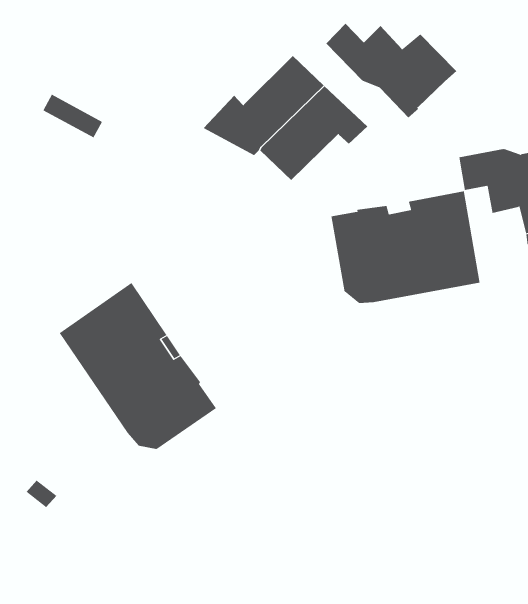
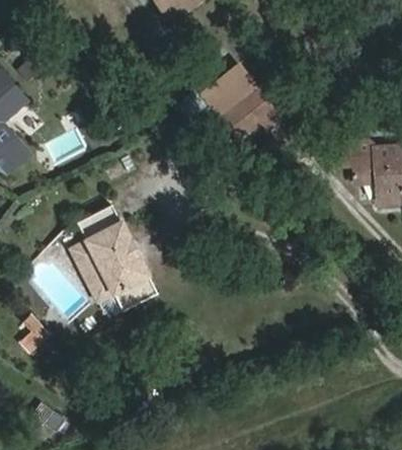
building: [325,23,457,119] -> none
building: [331,191,480,304] -> none

